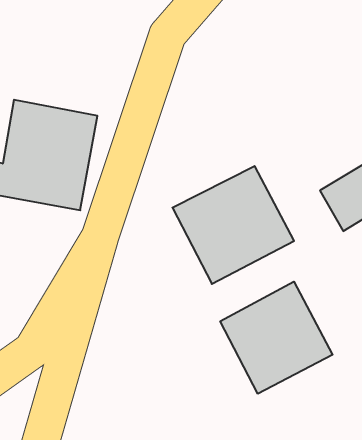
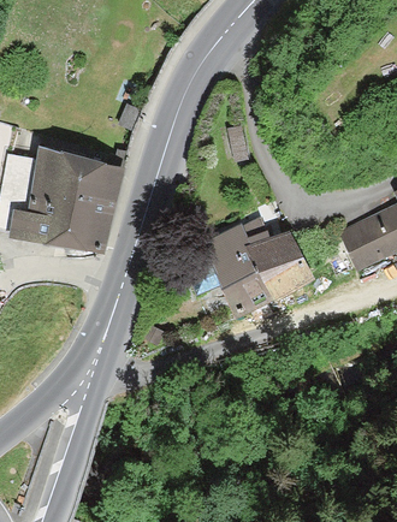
building: [220,282,333,394] -> none

